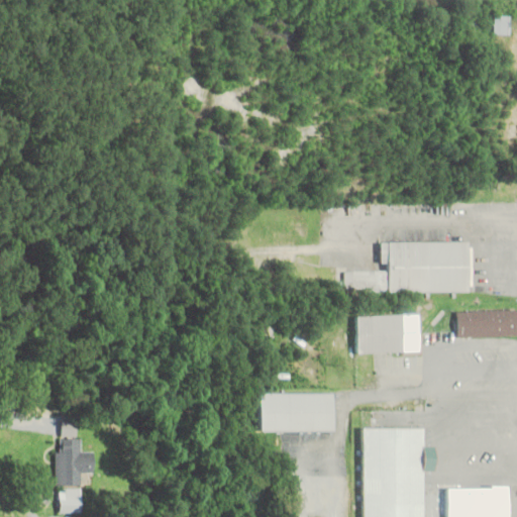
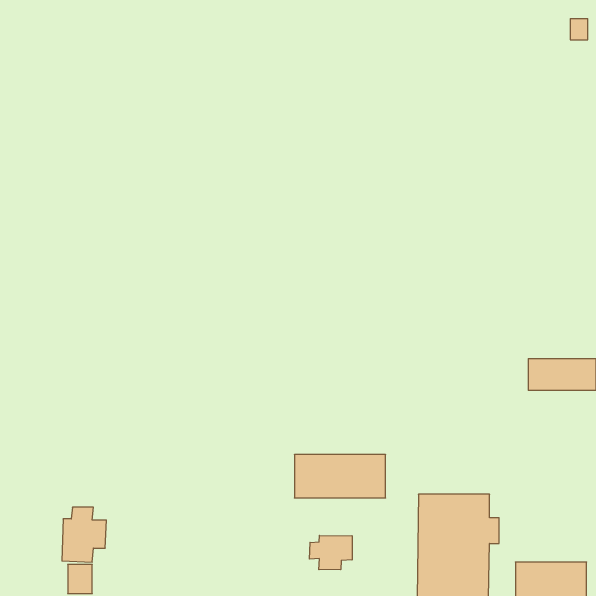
building: [346,242,471,292] -> none
building: [356,315,420,353] -> none
building: none -> [309,535,352,570]

